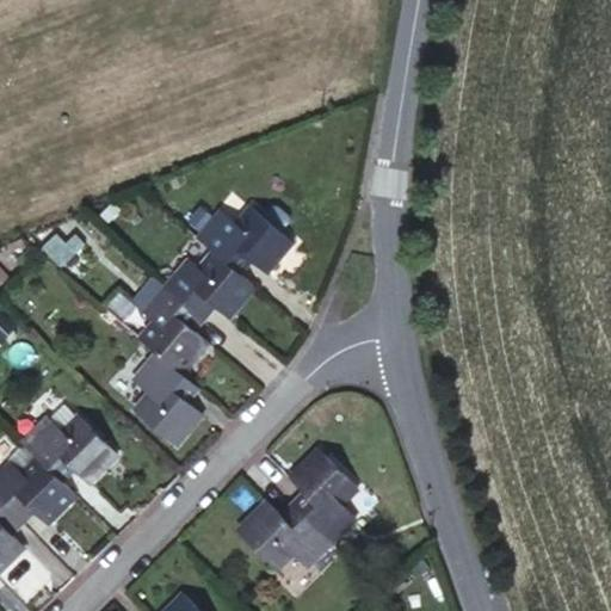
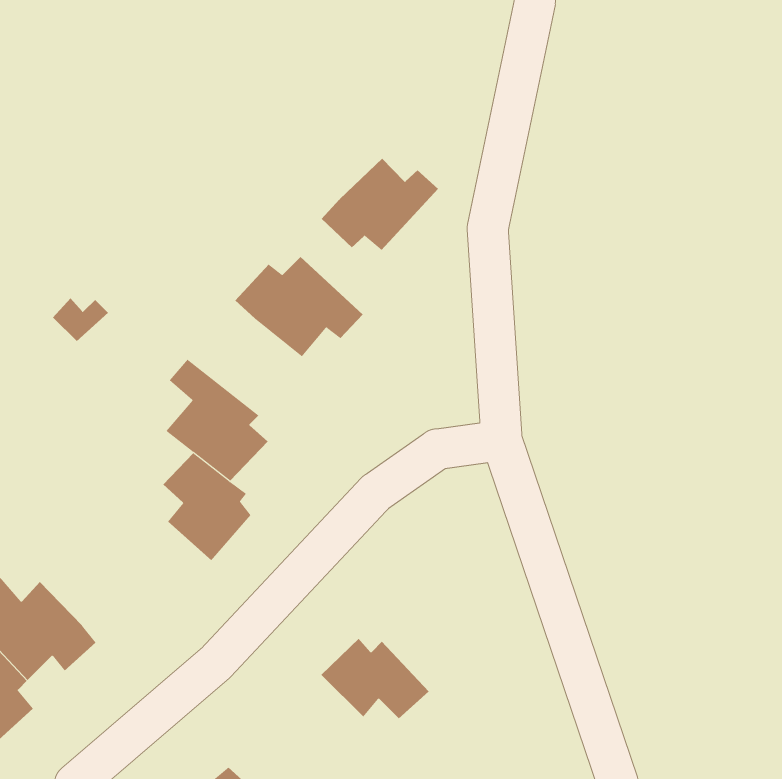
building: none -> [321,158,439,251]
building: [146,252,248,327] -> none
building: [17,413,117,490] -> none
building: [297,450,365,542] -> none

